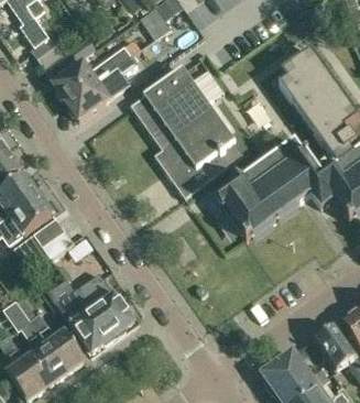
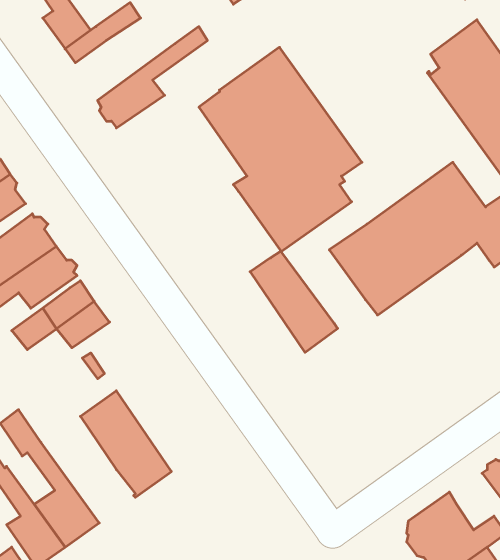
building: [53,44,131,100] -> none
building: [78,273,134,338] -> [250,251,338,352]
building: [30,312,85,371] -> none

